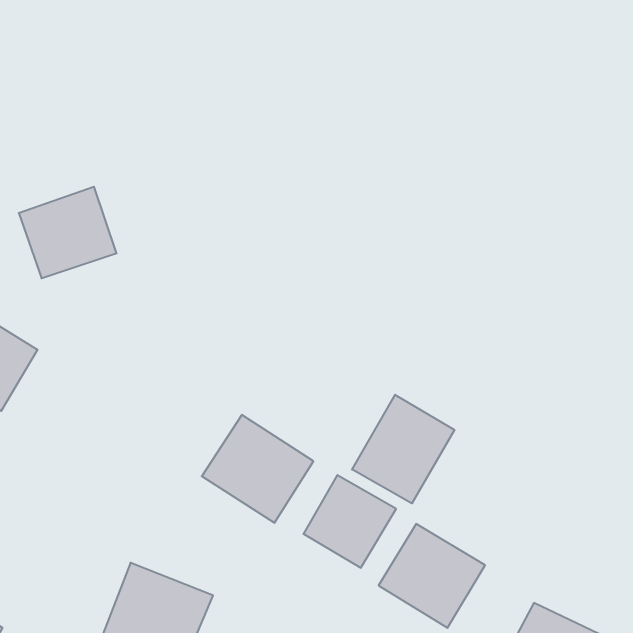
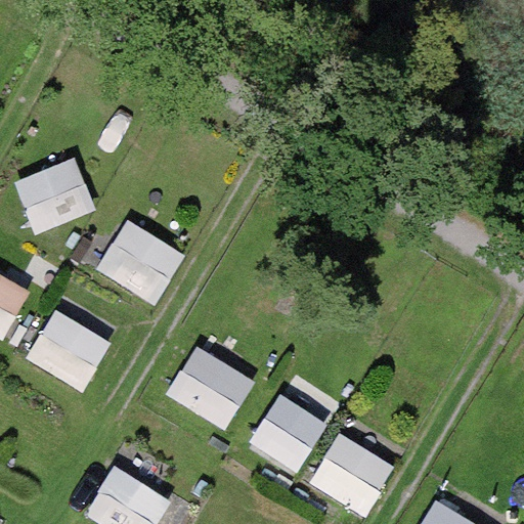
building: none -> [96,220,184,304]
building: none -> [29,293,114,389]
building: [352,395,454,503] -> none

